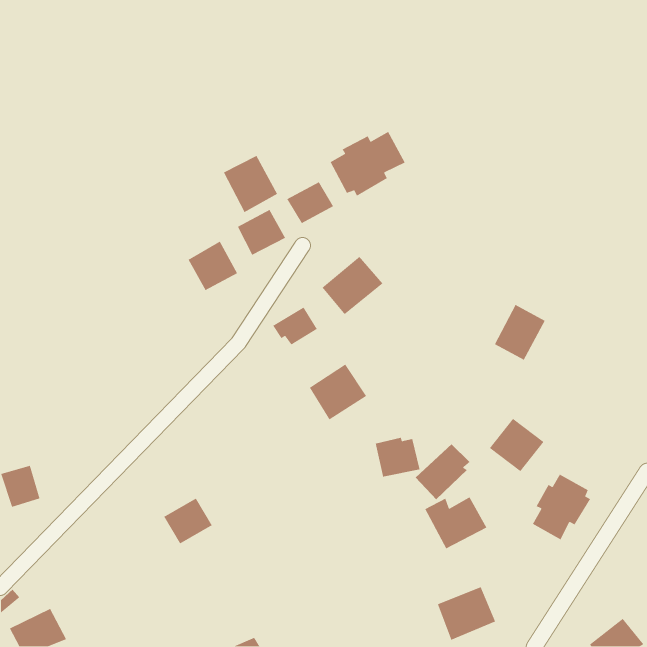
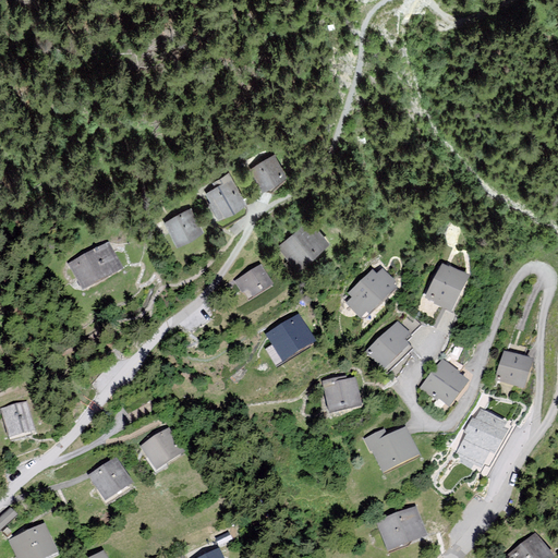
building: [329,131,406,197] -> none
building: [223,155,278,213] -> none
building: none -> [69,242,122,290]
building: none -> [345,268,397,318]
building: none -> [495,350,534,388]
building: [415,443,471,500] -> [365,320,413,369]
building: none -> [89,457,132,499]

